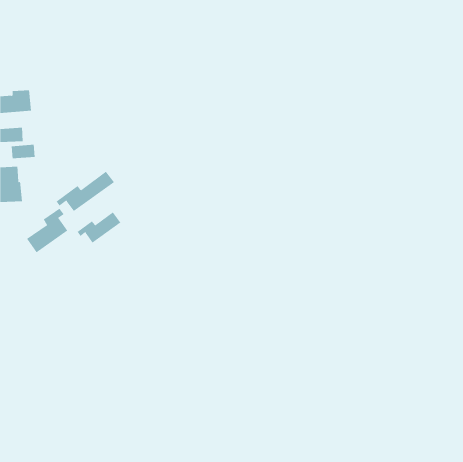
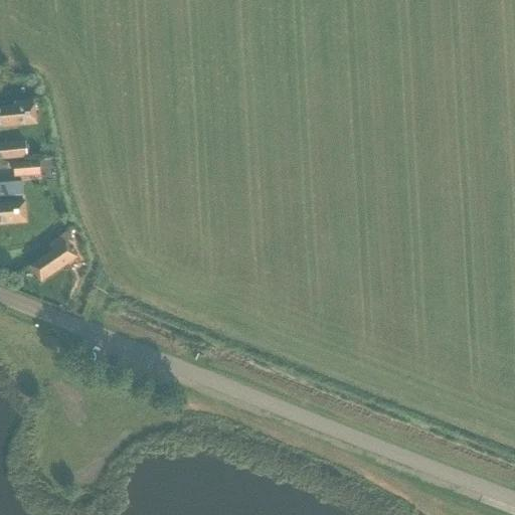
building: [56,171,115,212] -> none
building: [77,212,121,243] -> none

